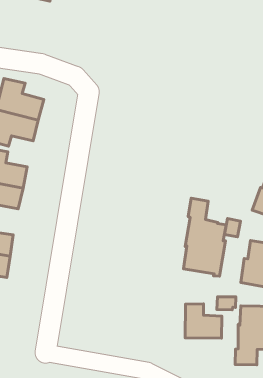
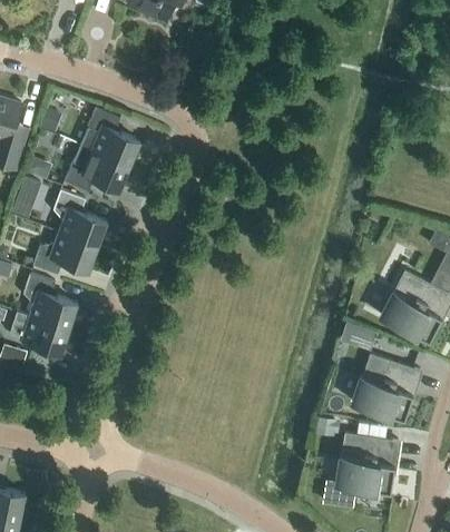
building: [183,198,226,276] -> none
building: [185,304,222,338] -> none

